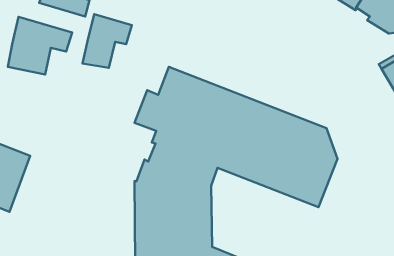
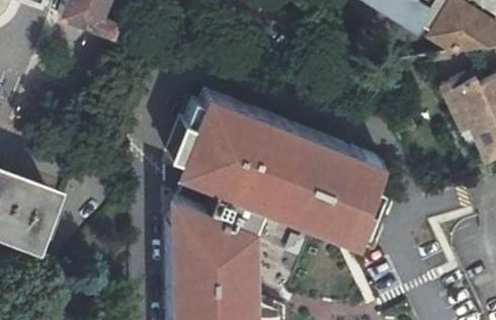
building: [82,14,132,68] -> none
building: [8,17,72,75] -> none

